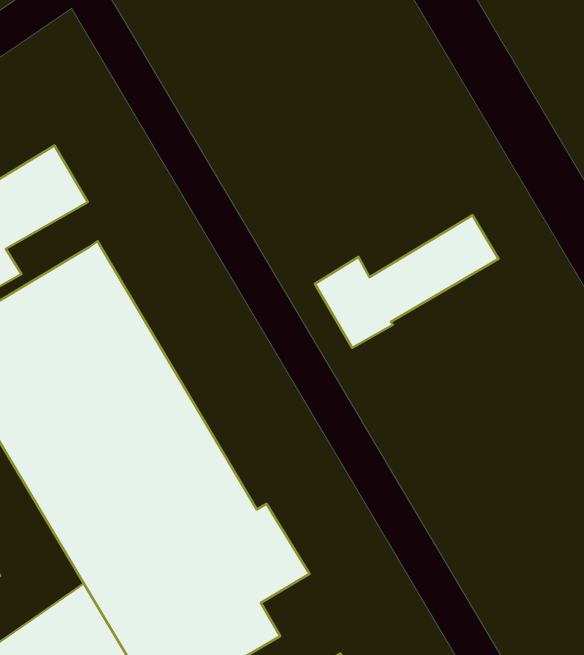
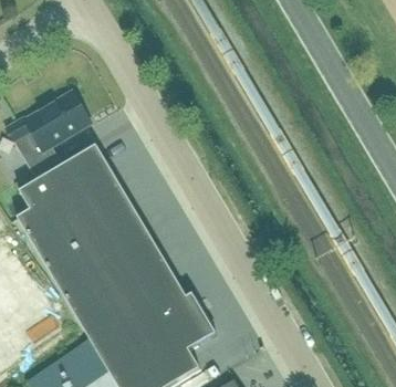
building: [315,215,499,348] -> none

